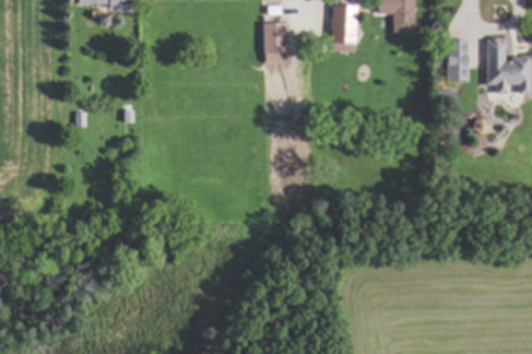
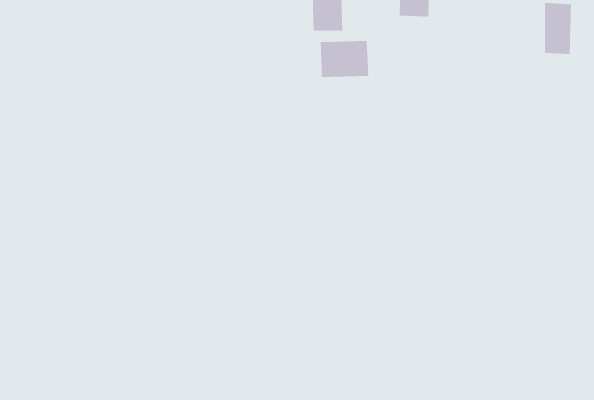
building: none -> [320,40,369,78]

